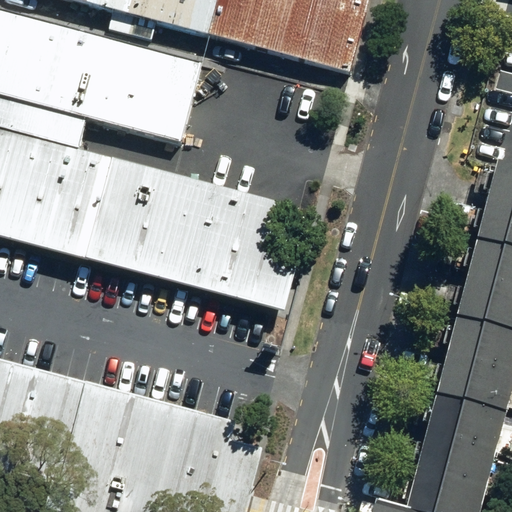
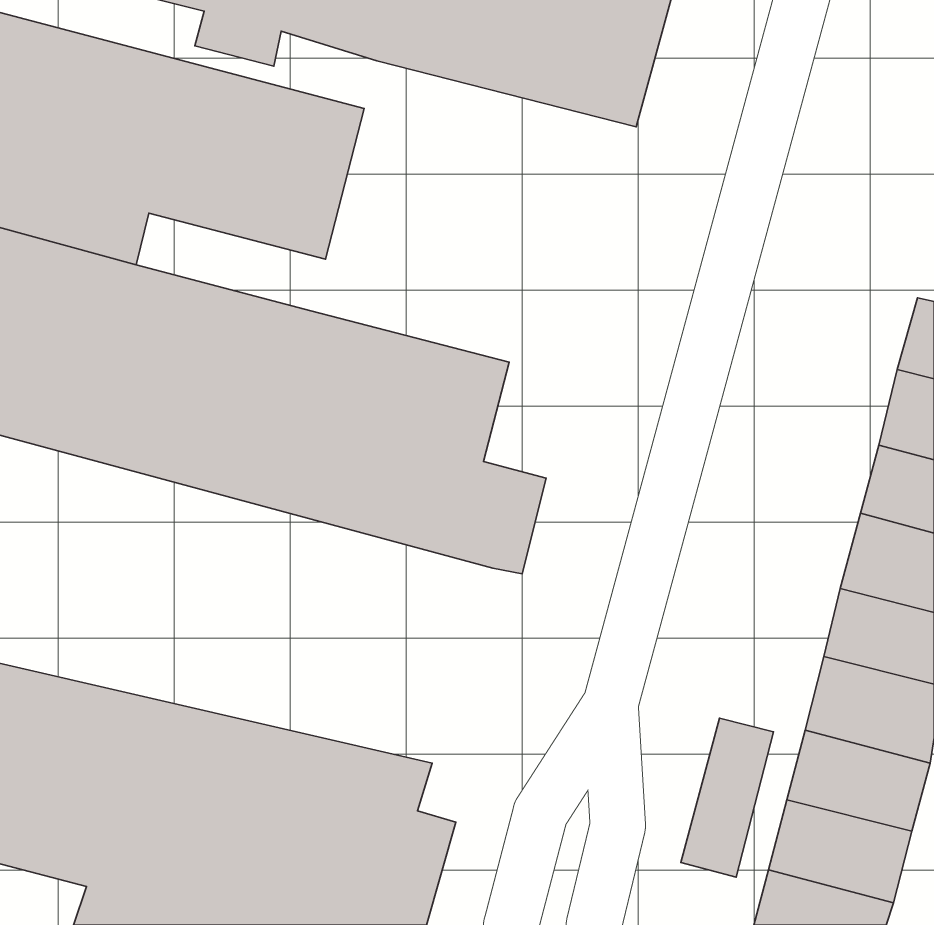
building: none -> [681,718,774,877]

